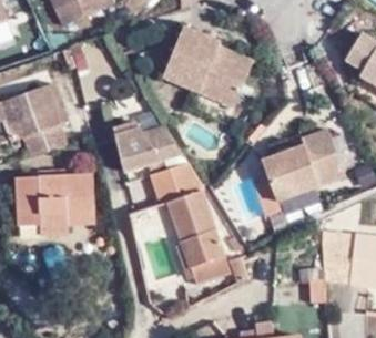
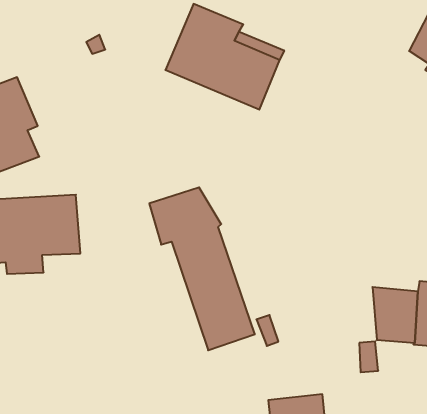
building: [112,124,182,174] -> none
building: [261,132,344,203] -> none

